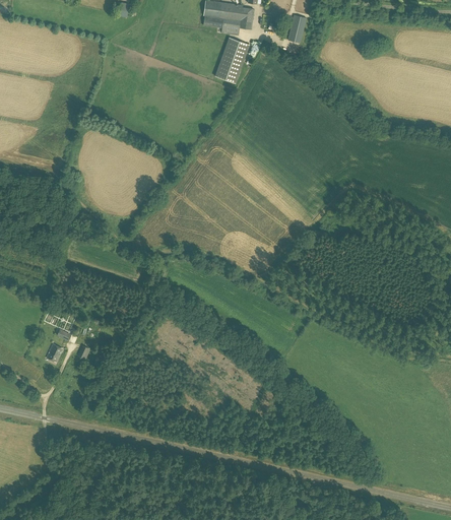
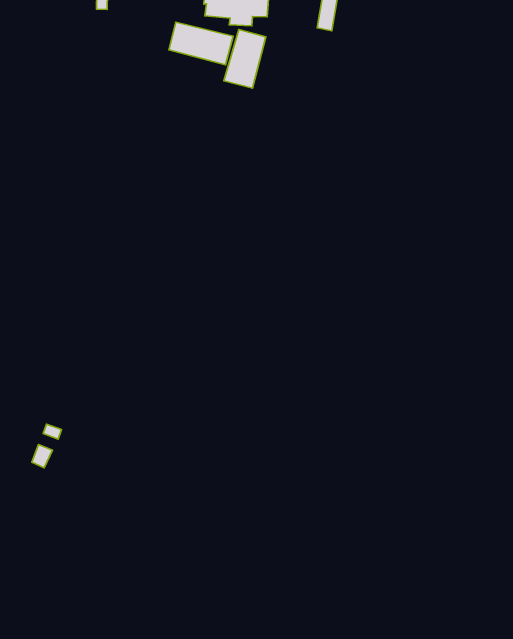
building: none -> [169,22,233,65]

